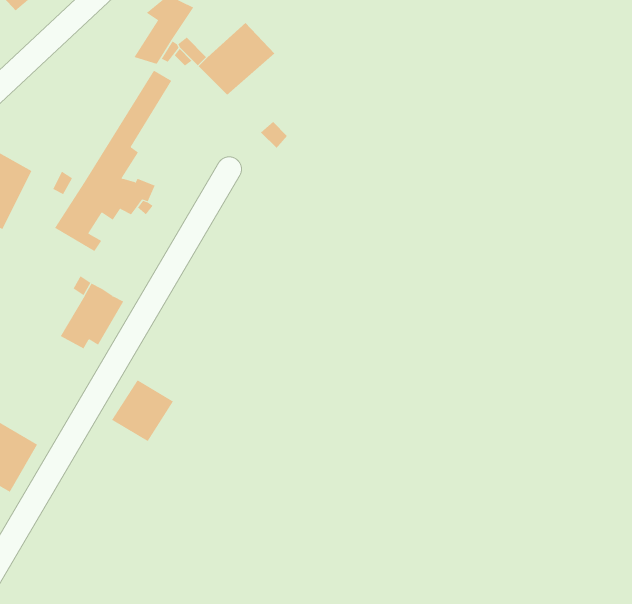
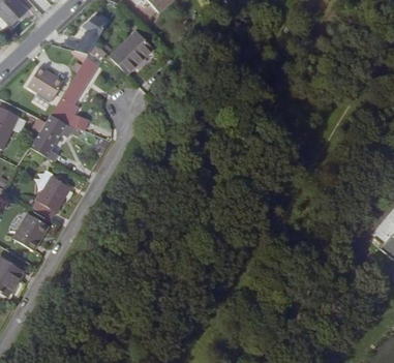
building: none -> [30,65,65,98]
building: [111,379,174,442] -> [10,217,46,252]

